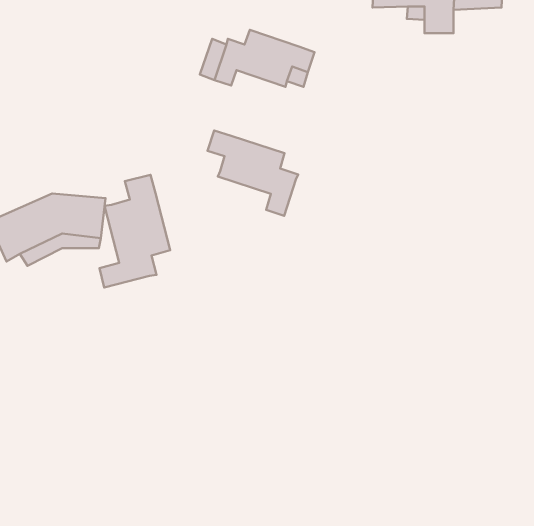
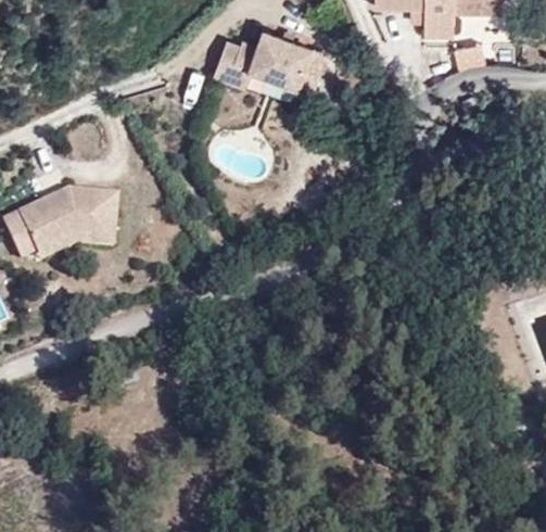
building: [207,131,298,216] -> none
building: [99,175,170,288] -> none

